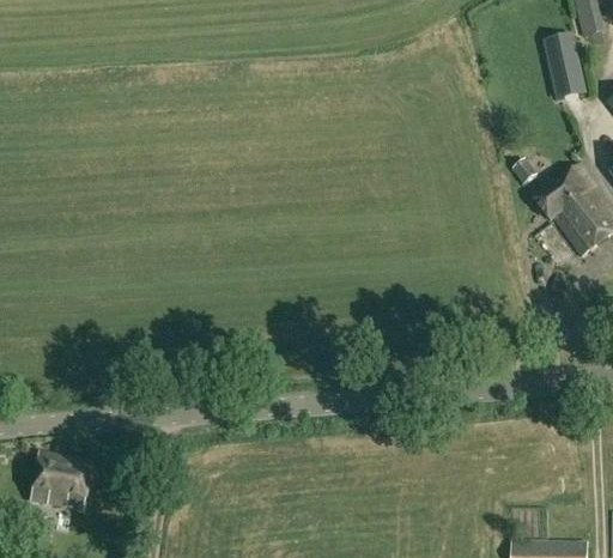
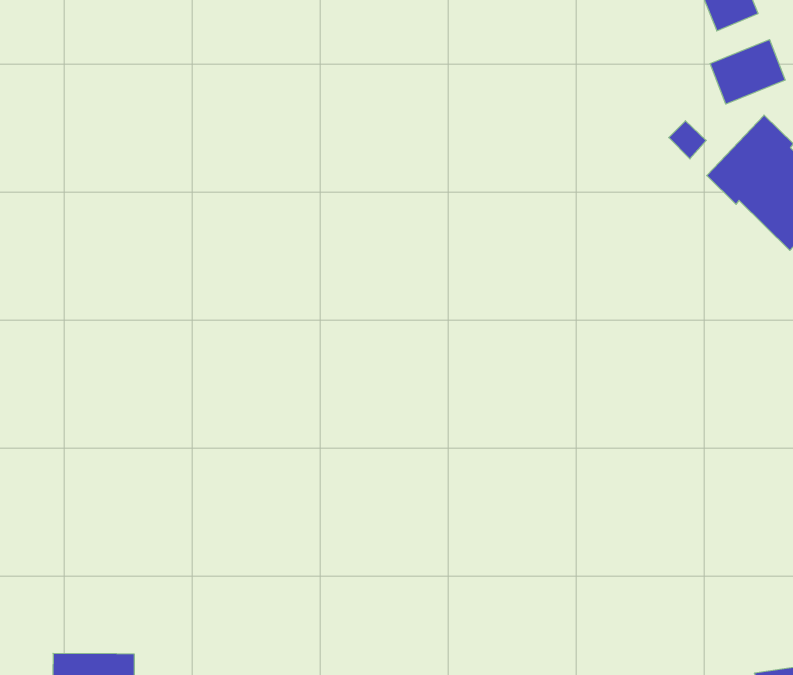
building: none -> [710,40,785,104]

